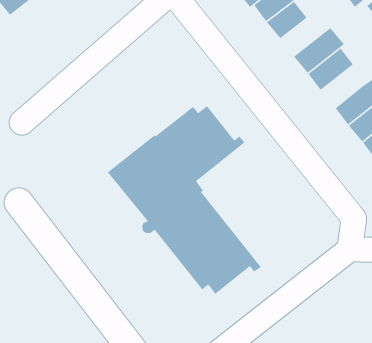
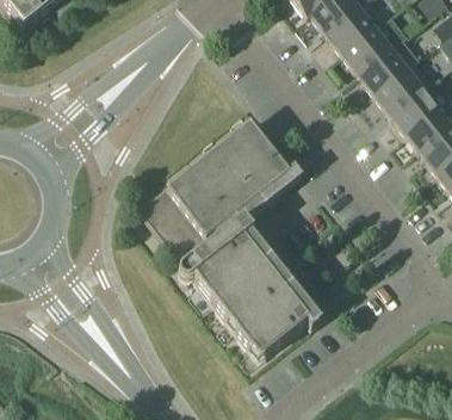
building: none -> [341,17,404,74]
building: none -> [389,88,438,135]

